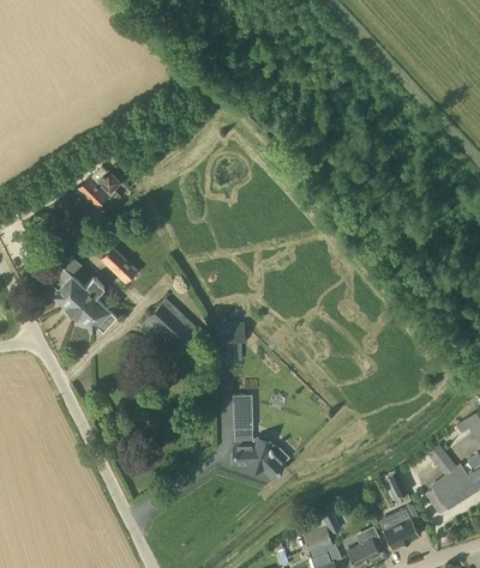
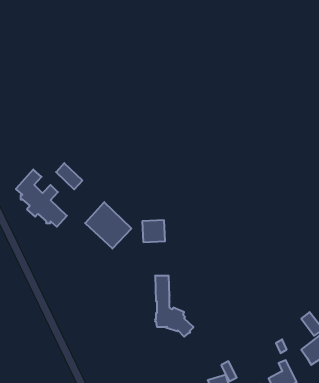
building: [77,165,119,206] -> none

